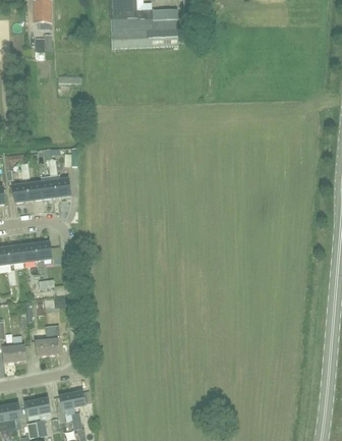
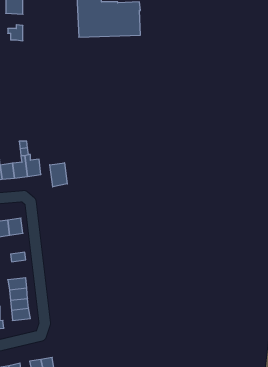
building: none -> [50,163,67,187]

